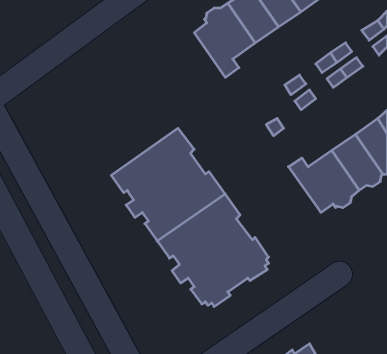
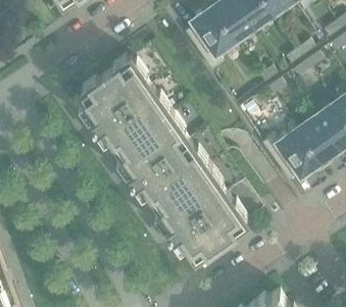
building: none -> [75,60,166,153]

